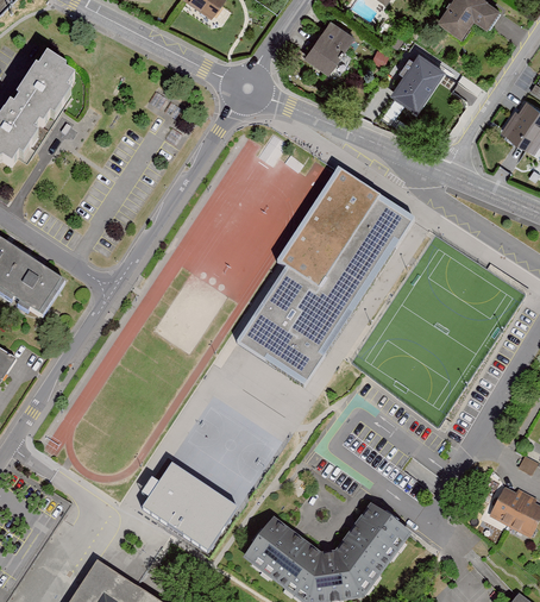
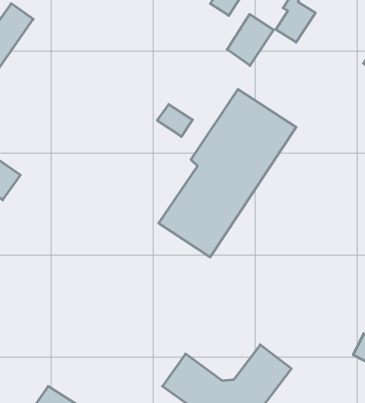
building: none -> [227,14,273,66]
building: none -> [157,104,193,137]
building: [139,459,238,548] -> none

